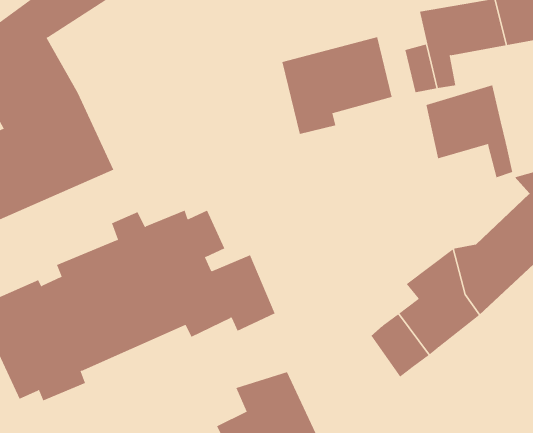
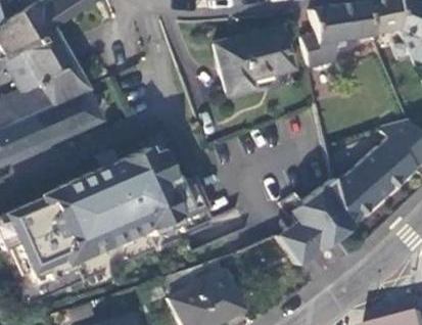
building: [426,84,513,178] -> none

